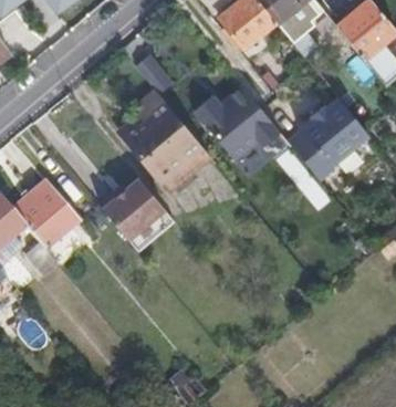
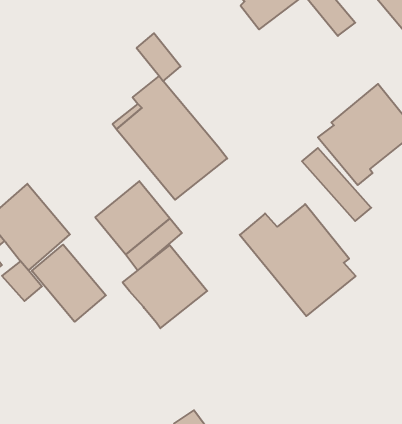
building: [191,87,288,180] -> [240,204,356,316]
building: none -> [32,245,106,322]
building: none -> [123,245,207,328]

